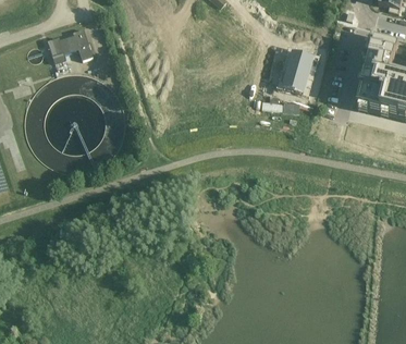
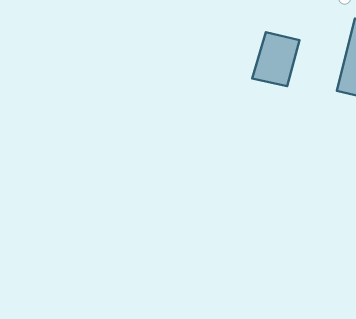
building: [48,27,94,74] -> none

